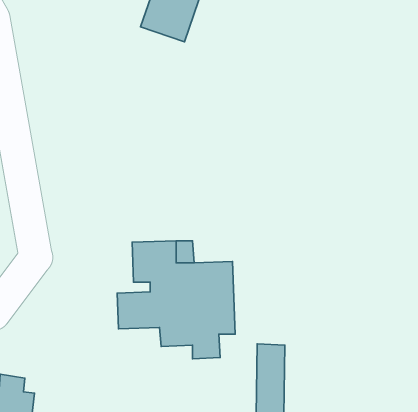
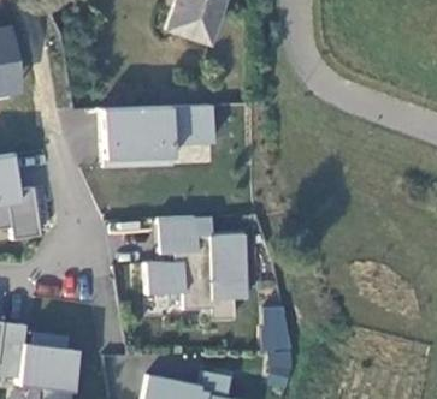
building: none -> [102,105,215,166]

